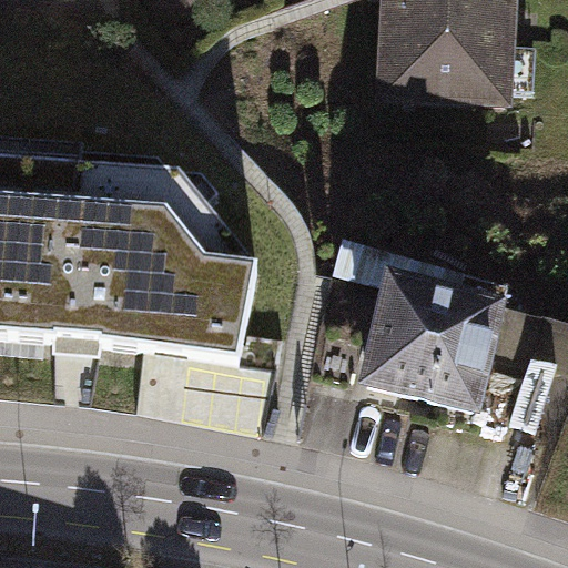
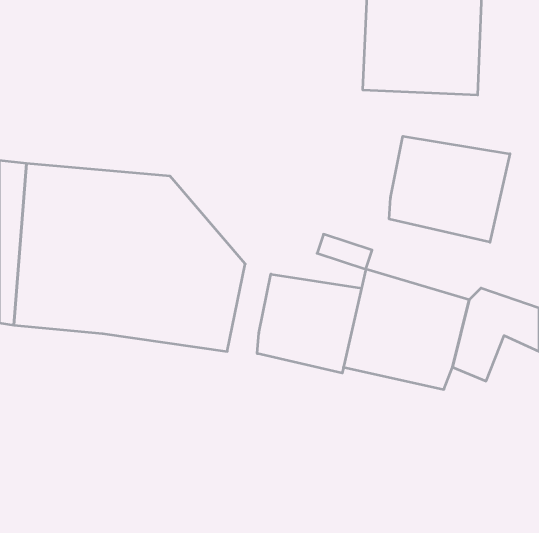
building: none -> [389,136,510,242]
building: none -> [257,274,361,373]

